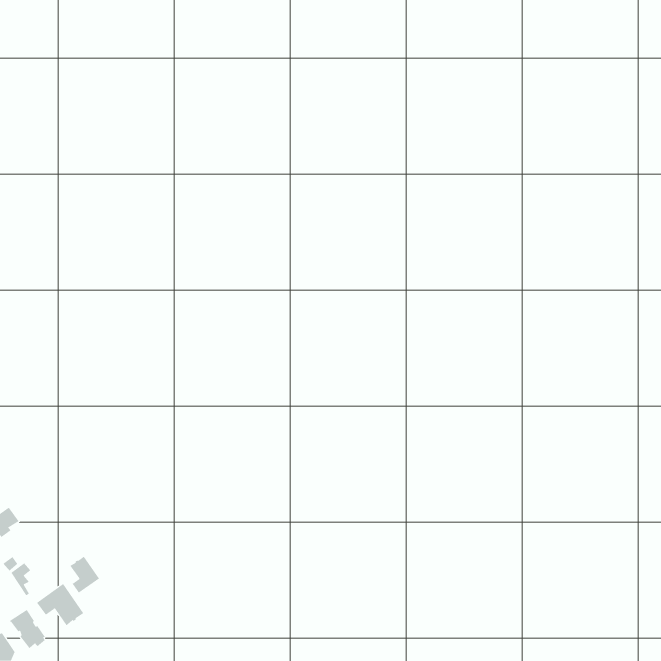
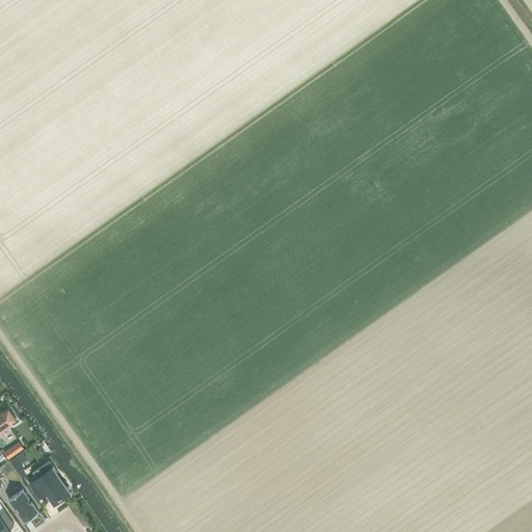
building: [70,556,100,593] -> none

